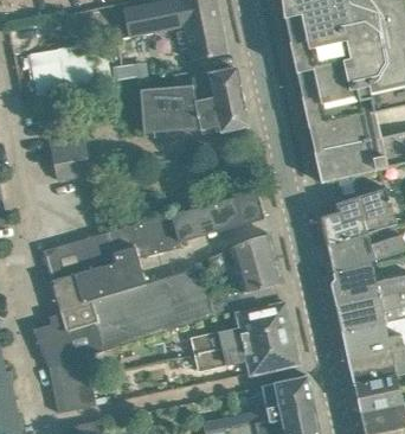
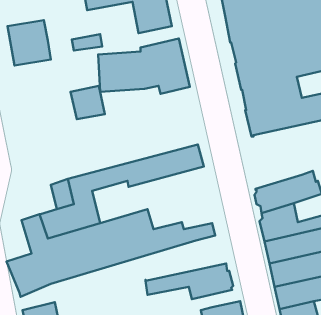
building: [49,141,89,180] -> [71,86,105,119]
building: [319,187,391,244] -> none
building: [205,234,281,292] -> none
building: [41,240,91,281] -> none
building: [192,302,291,352] -> none
building: [49,356,89,387] -> none

